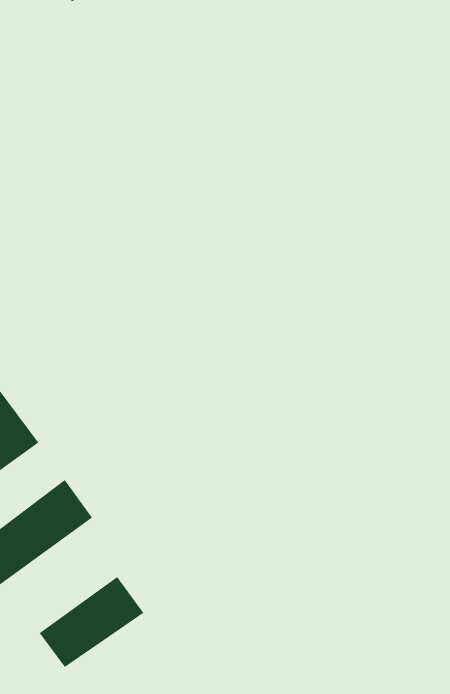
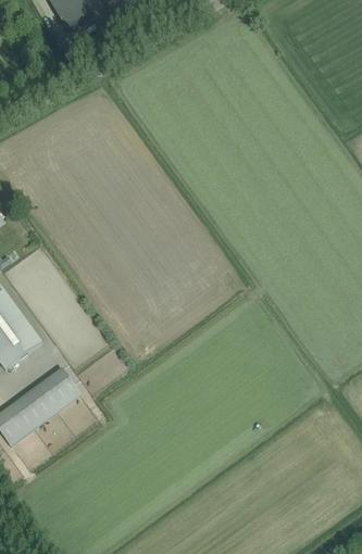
building: [39,576,144,668] -> none

